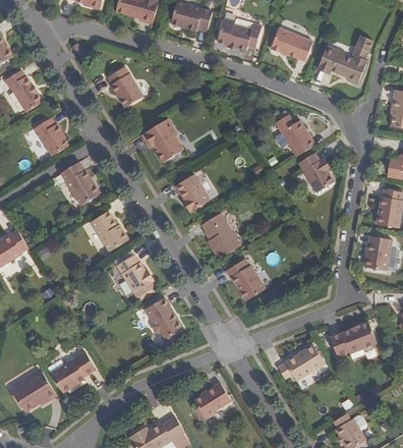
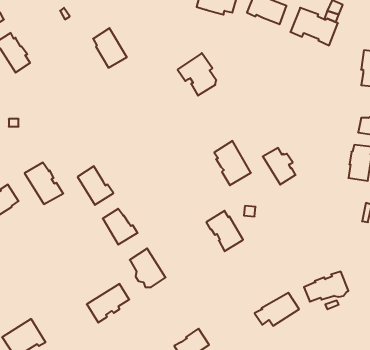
building: [141,117,182,162] -> [178,53,216,96]
building: [34,118,66,156] -> none
building: [284,118,315,155] -> none
building: [300,152,335,190] -> [263,148,296,185]
building: [59,162,100,206] -> [25,163,63,204]
building: [175,174,210,212] -> none
building: [202,212,240,259] -> [214,141,251,185]
building: [362,235,390,269] -> none
building: [51,352,96,393] -> [87,284,129,323]

